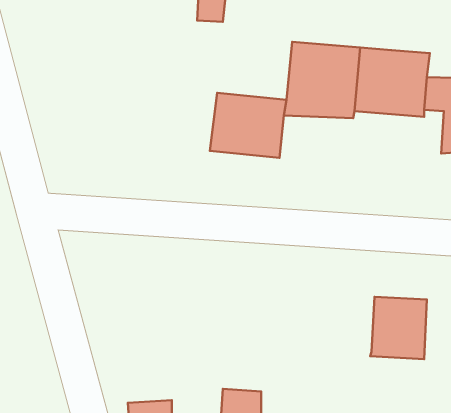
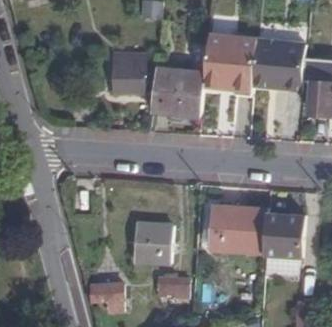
building: none -> [115,55,140,89]
building: none -> [210,206,266,252]
building: none -> [133,224,172,261]

